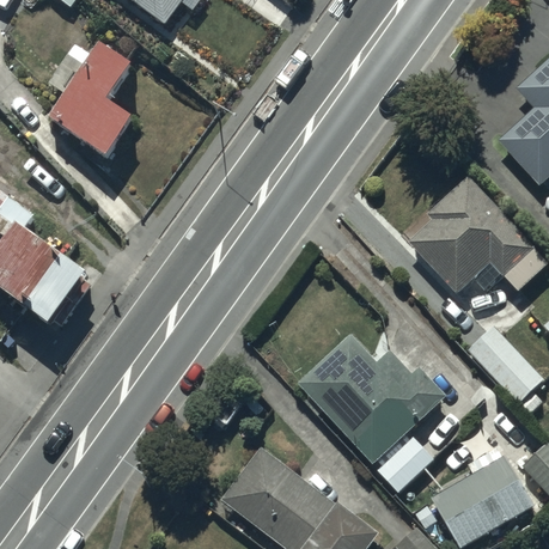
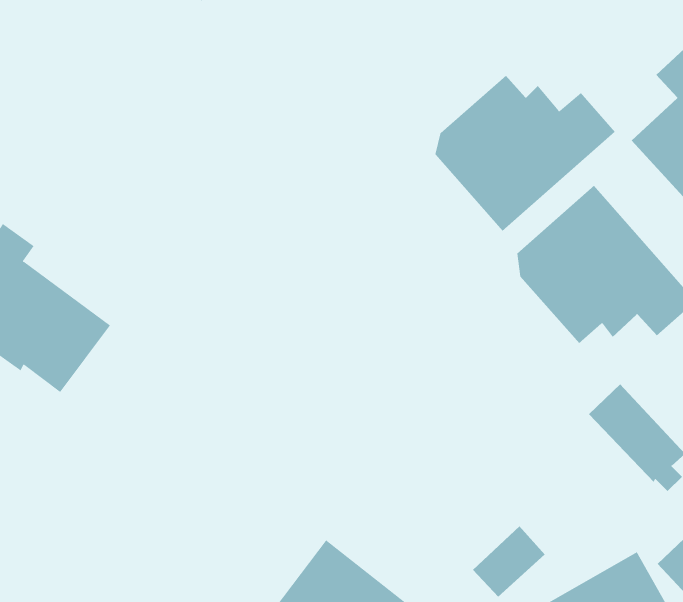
building: [48,36,134,151] -> none
building: none -> [435,75,616,232]
building: [298,331,447,462] -> none

